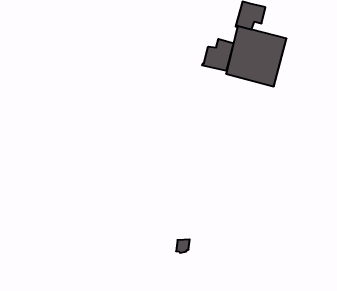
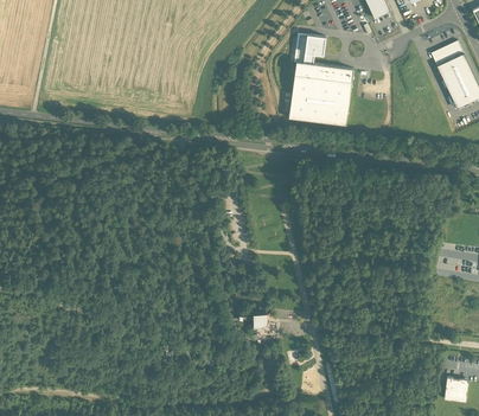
building: [202,39,234,71] -> none

